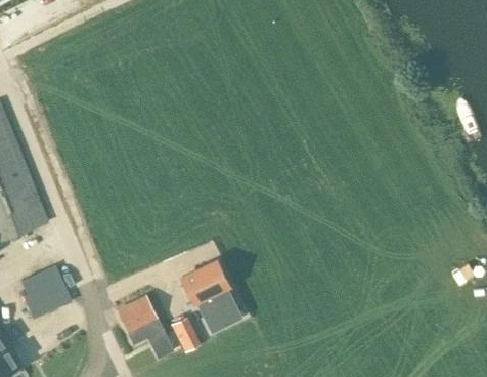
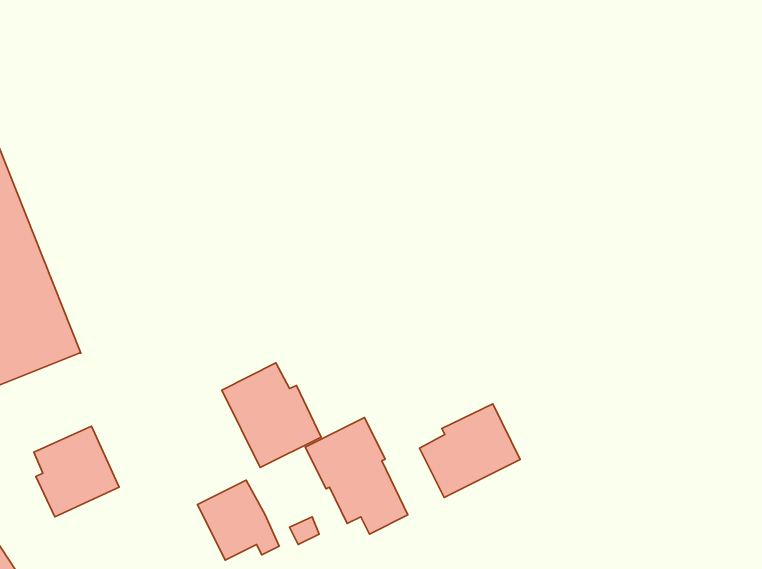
building: none -> [222,363,321,467]
building: none -> [419,404,520,497]

